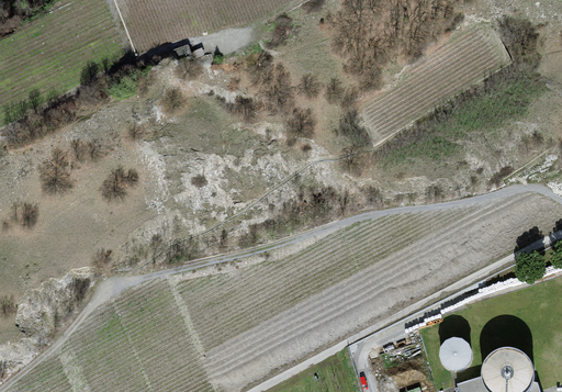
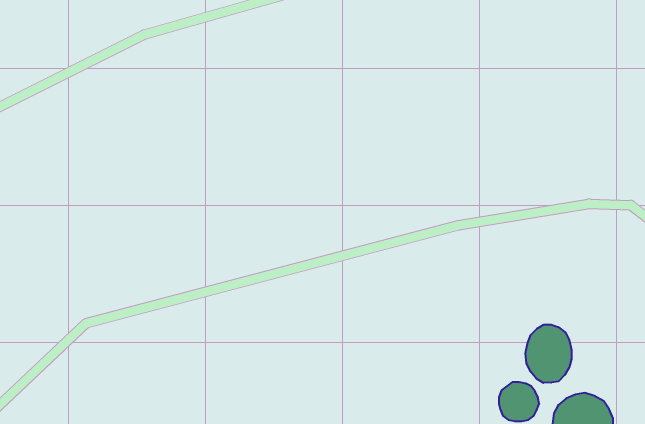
building: none -> [525,325,571,383]

